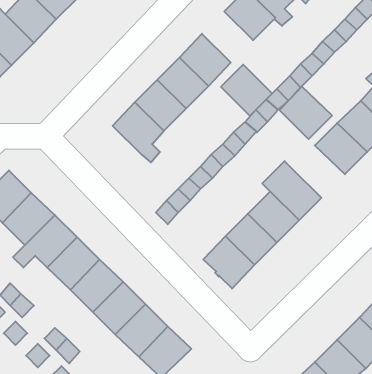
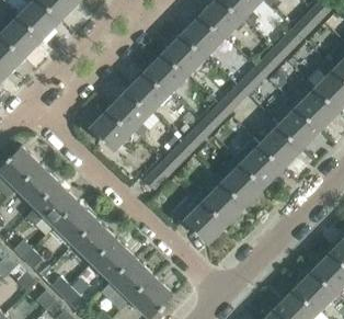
building: [221,65,272,116] -> [182,13,225,56]
building: [280,86,332,139] -> [257,125,301,169]
building: none -> [89,109,131,151]

